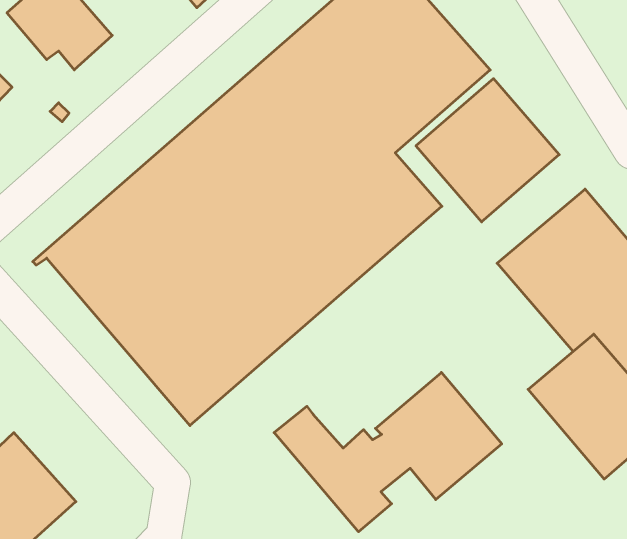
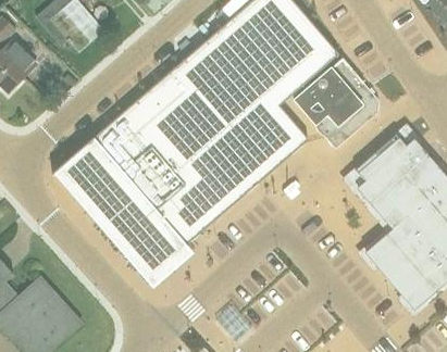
building: [274,372,502,532] -> none

